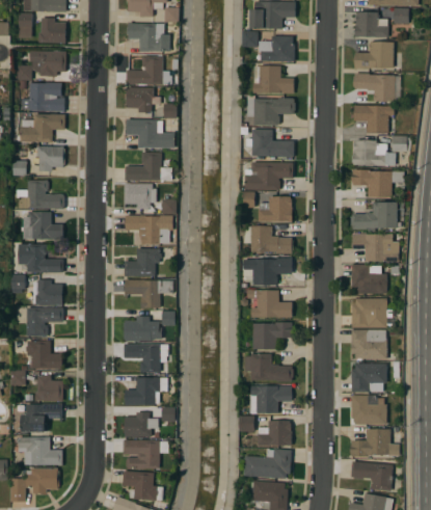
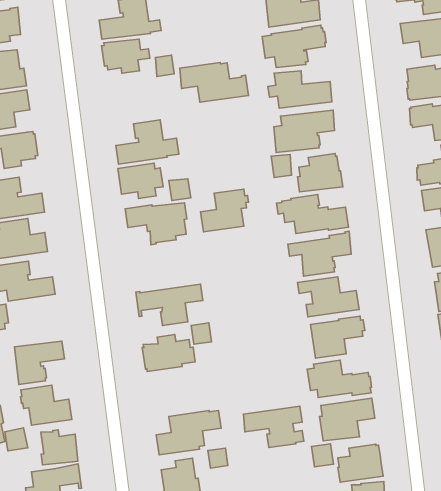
building: [126,119,176,147] -> [180,62,248,102]
building: [125,248,162,276] -> [201,189,249,232]
building: [35,279,62,305] -> none
building: [124,344,168,372] -> [244,406,304,448]

